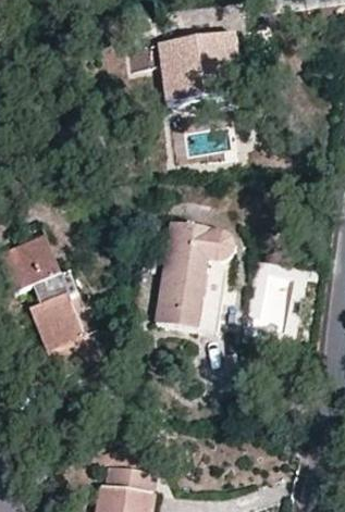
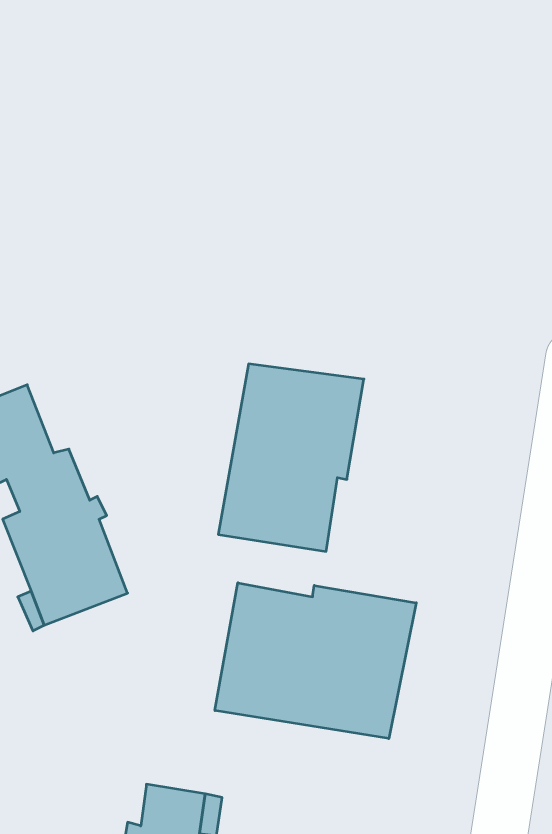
building: [158,35,236,100] -> none
building: none -> [215,583,416,739]

